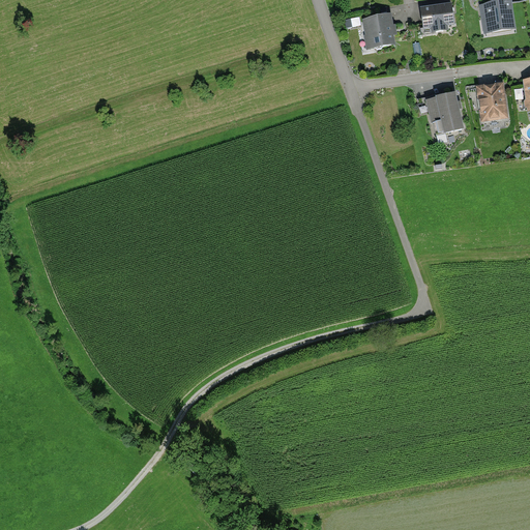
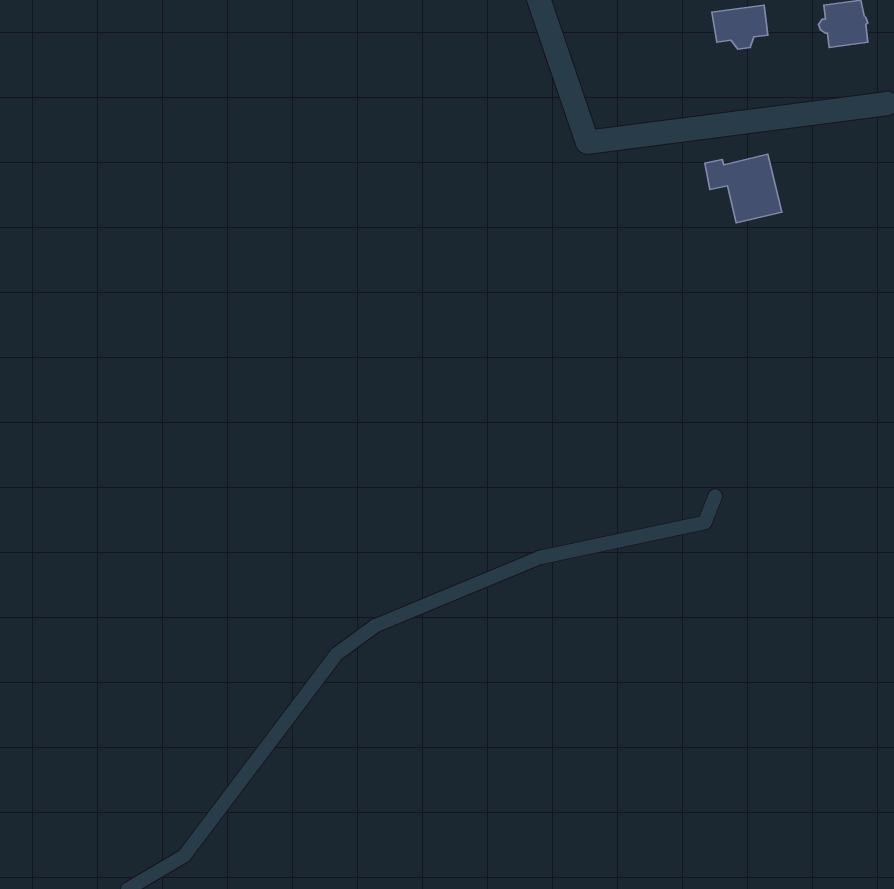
building: [364,13,392,46] -> none
building: [478,83,505,117] -> none

